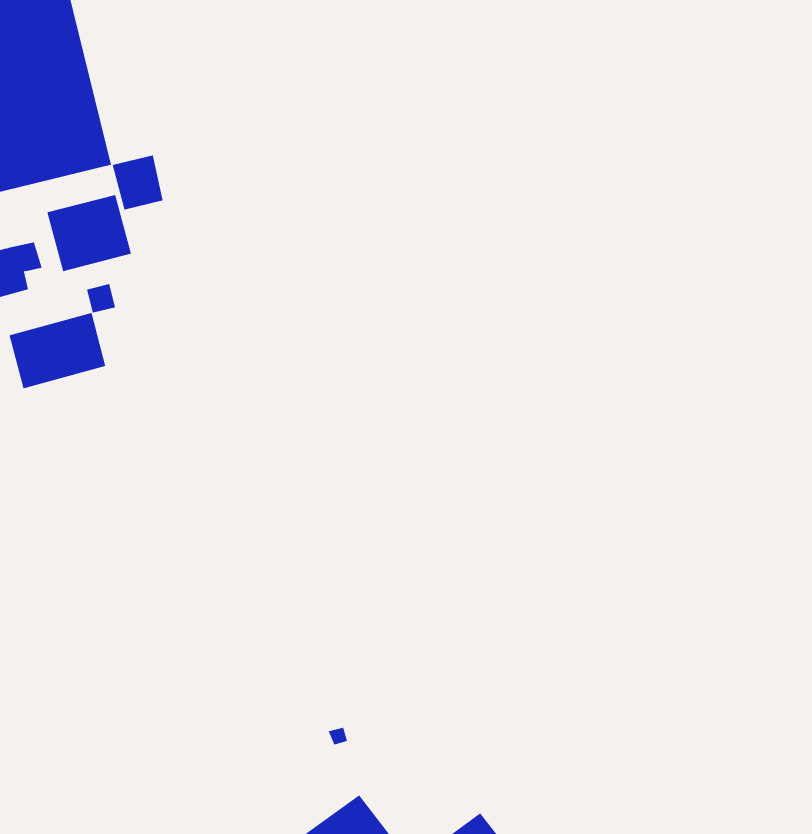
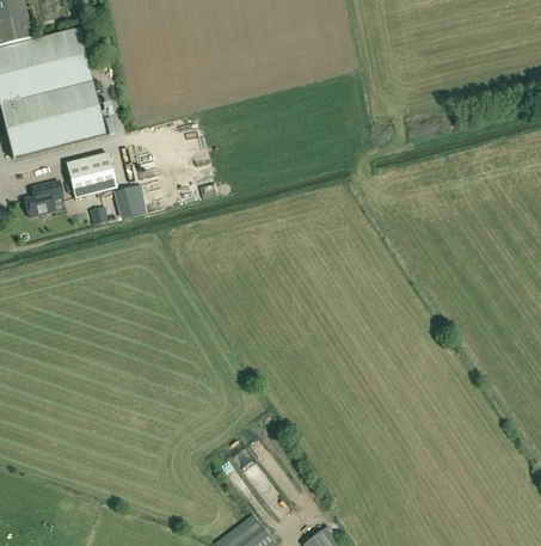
building: [112,155,163,210] -> [115,185,146,219]
building: [9,312,106,389] -> none

